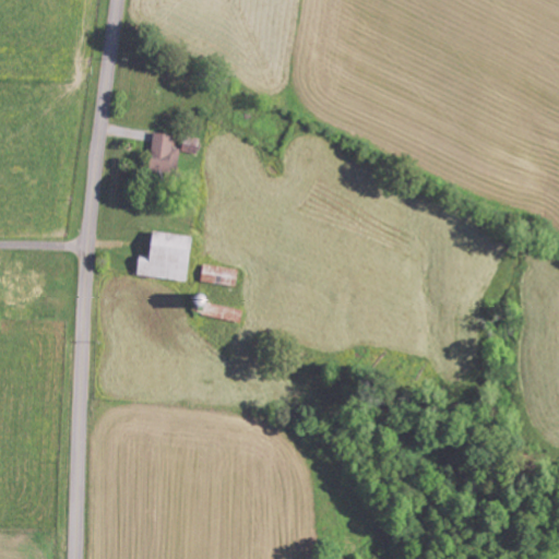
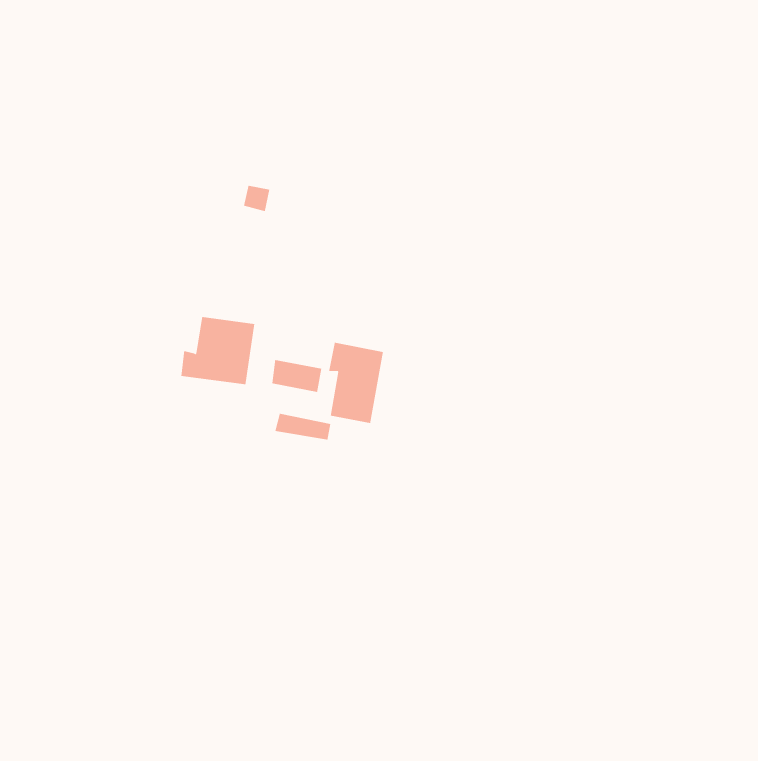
building: [148,133,179,174] -> none
building: none -> [328,342,384,424]

